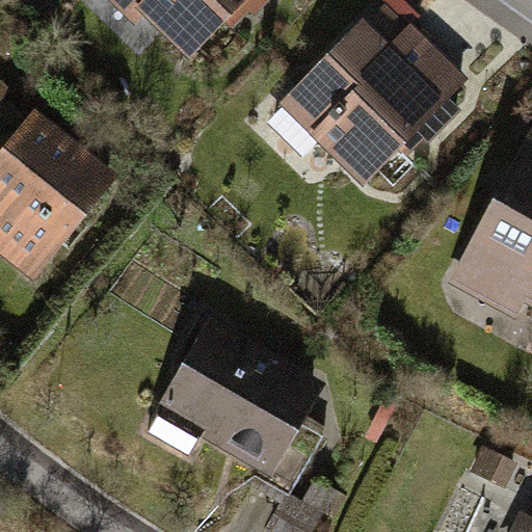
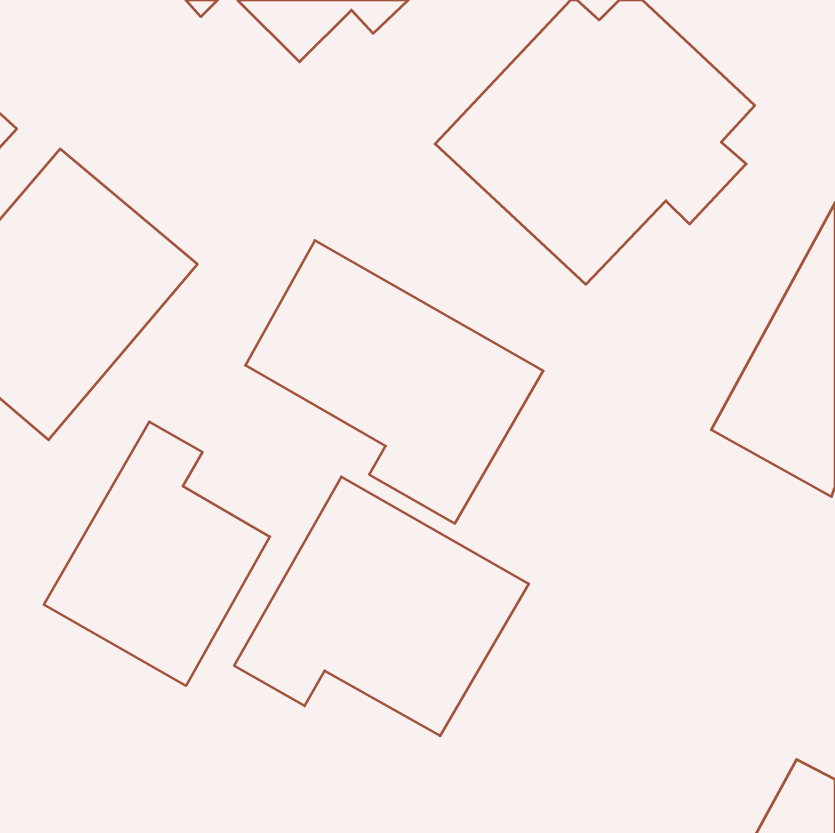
building: none -> [245,240,543,523]
building: none -> [44,422,270,686]

